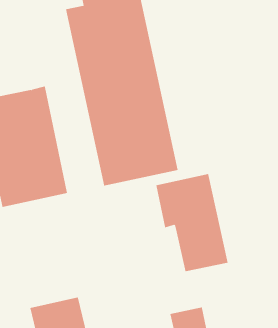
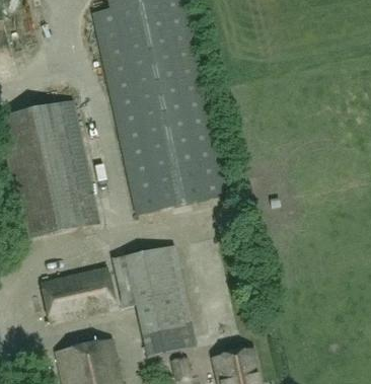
building: [155,173,229,272] -> [113,244,196,356]
building: none -> [41,266,116,323]

